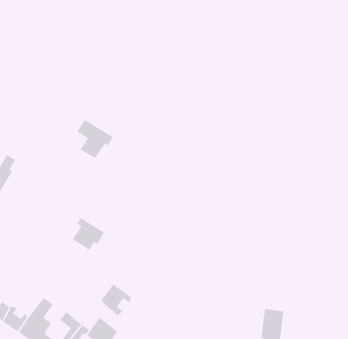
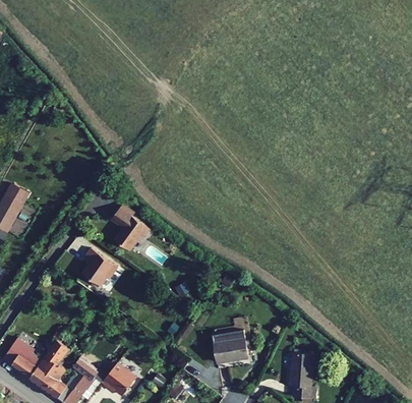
building: [77,119,114,159] -> [104,206,143,248]
building: [101,283,132,317] -> none
building: none -> [211,329,246,367]

